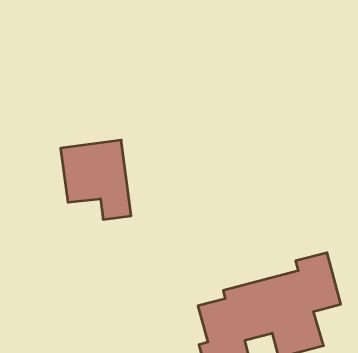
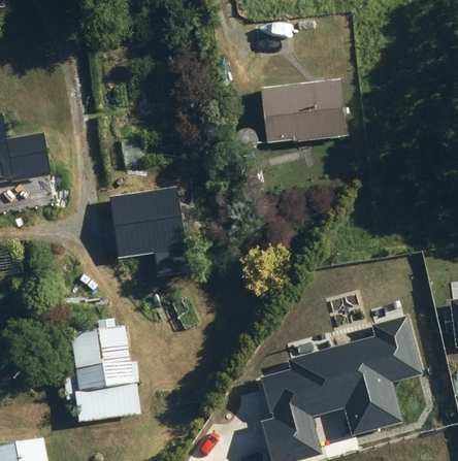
building: none -> [259,79,346,142]
building: none -> [61,318,139,423]

